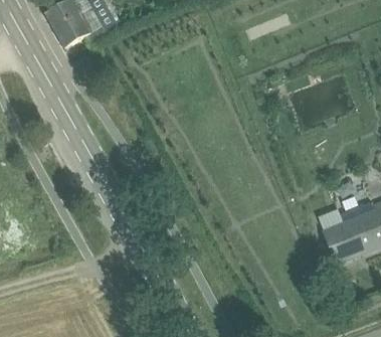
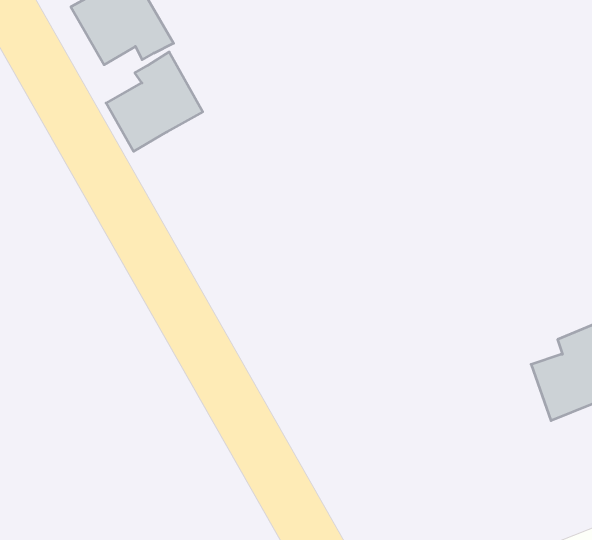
building: none -> [106,52,203,151]

